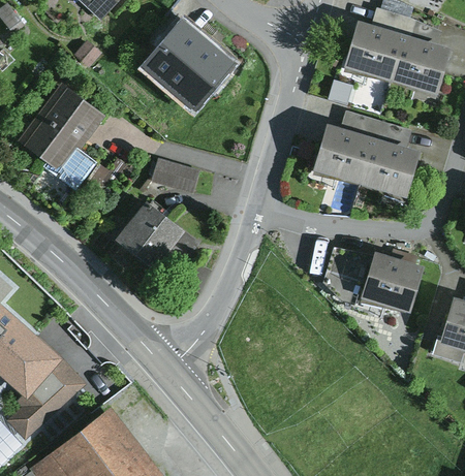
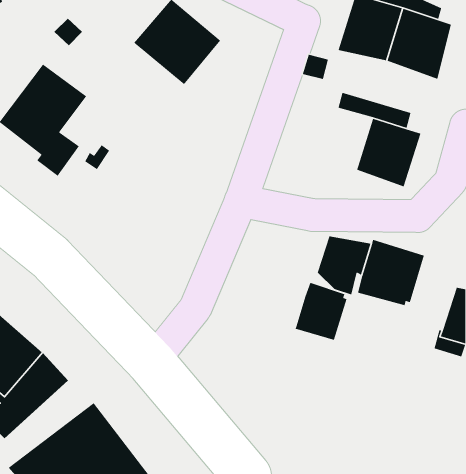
building: [312,123,375,186] -> none
building: [151,159,199,192] -> none
building: [116,200,200,282] -> none
building: none -> [294,282,347,341]

